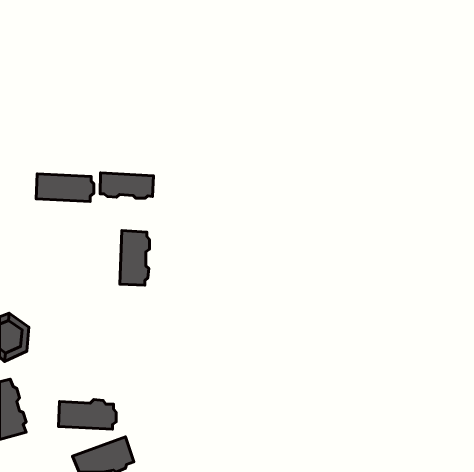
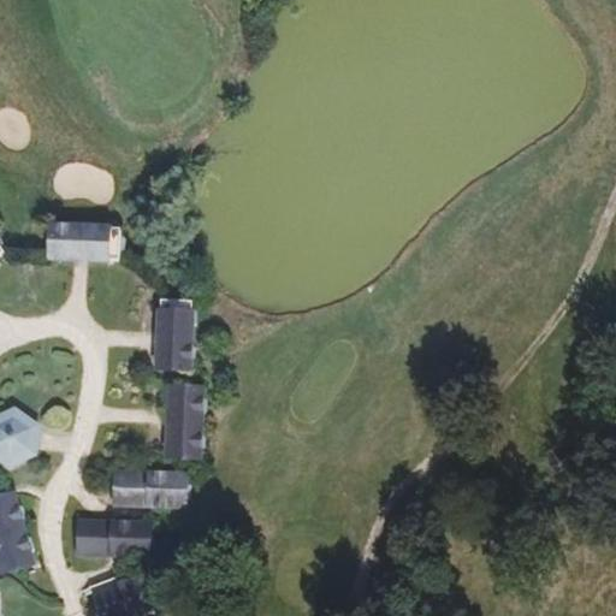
building: [100,173,154,198] -> none
building: none -> [165,386,205,457]
building: none -> [112,472,186,507]

